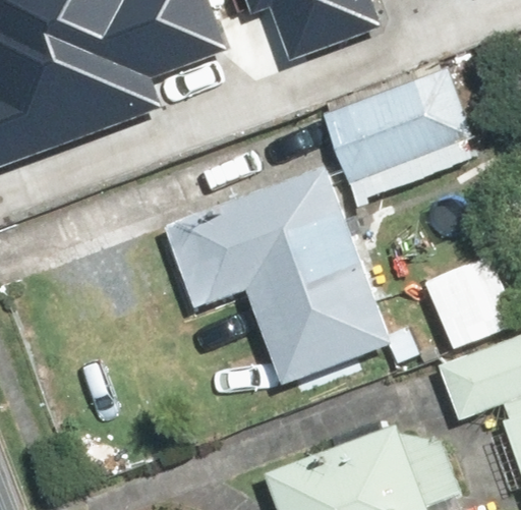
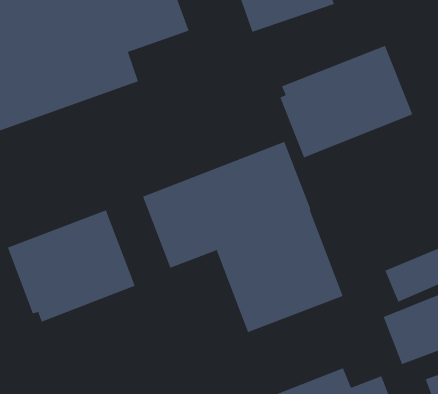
building: none -> [7,209,136,323]

